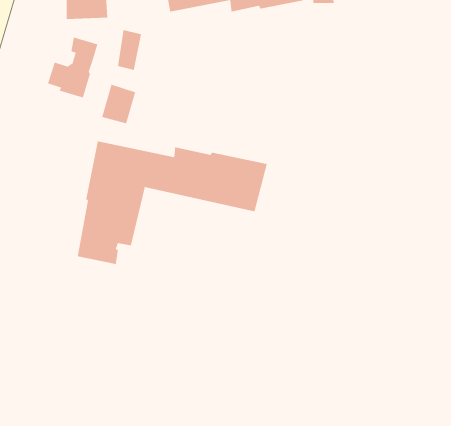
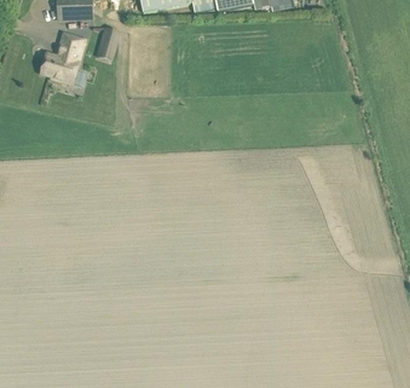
building: [101,84,136,124] -> none
building: [77,141,268,265] -> none

